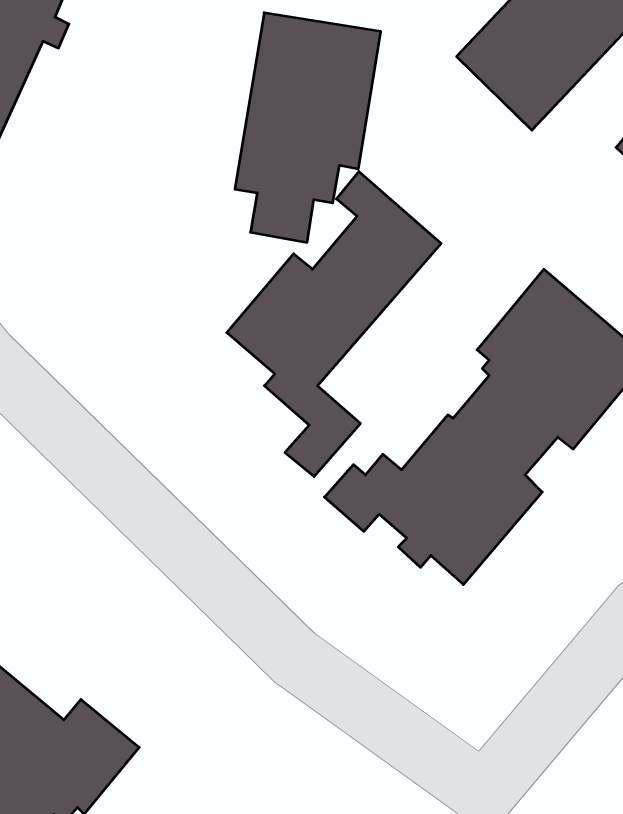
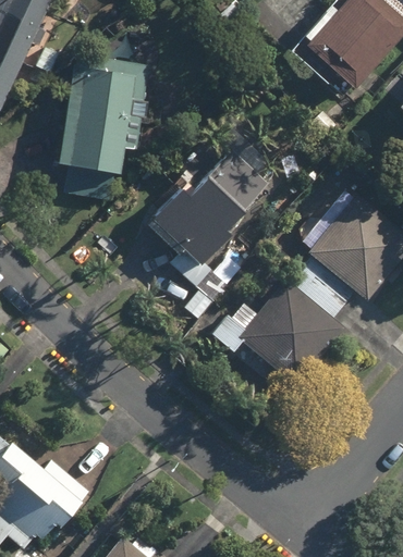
building: [235,13,381,242] -> [58,53,150,199]

